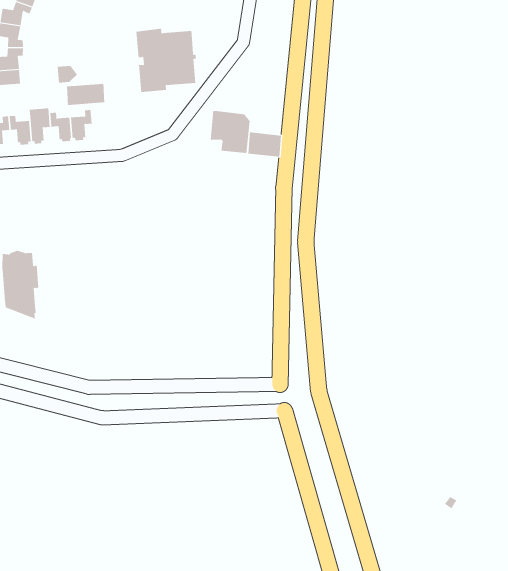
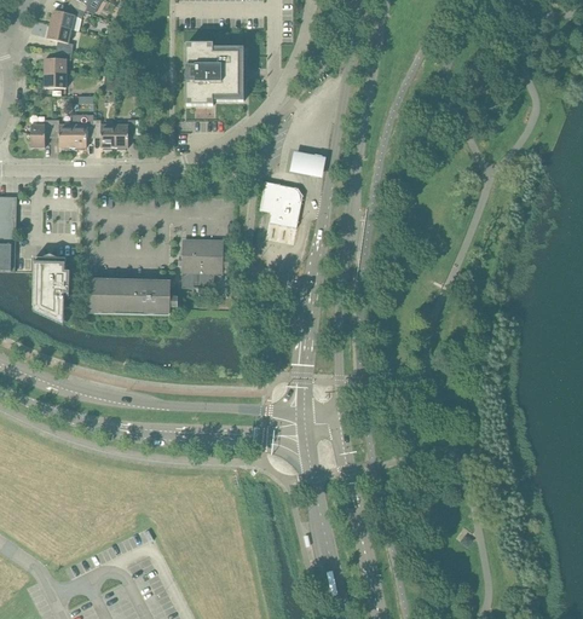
building: [66,83,105,106] -> none
building: [210,110,250,154] -> [260,183,302,228]
building: none -> [179,239,229,287]
building: none -> [87,277,169,313]

